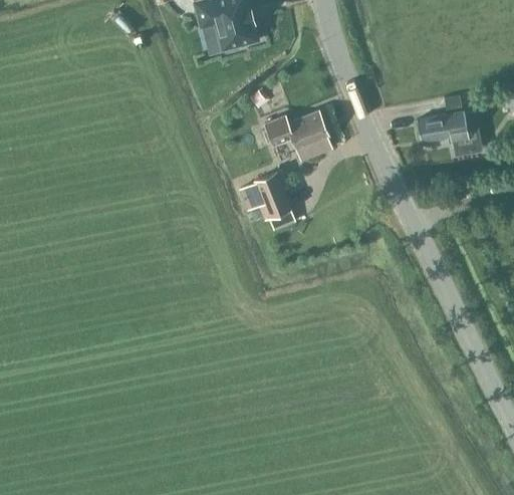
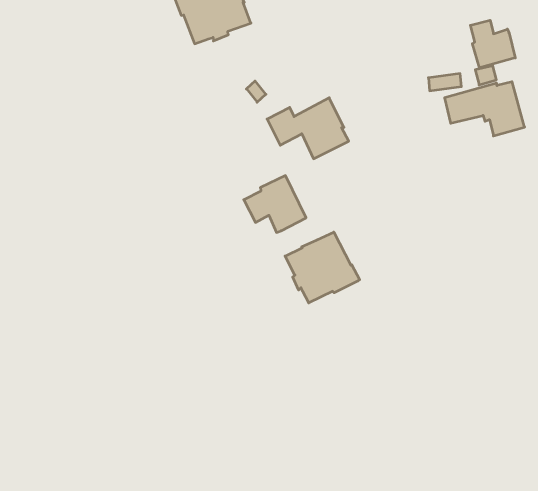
building: none -> [470,20,515,68]
building: none -> [285,232,360,303]

